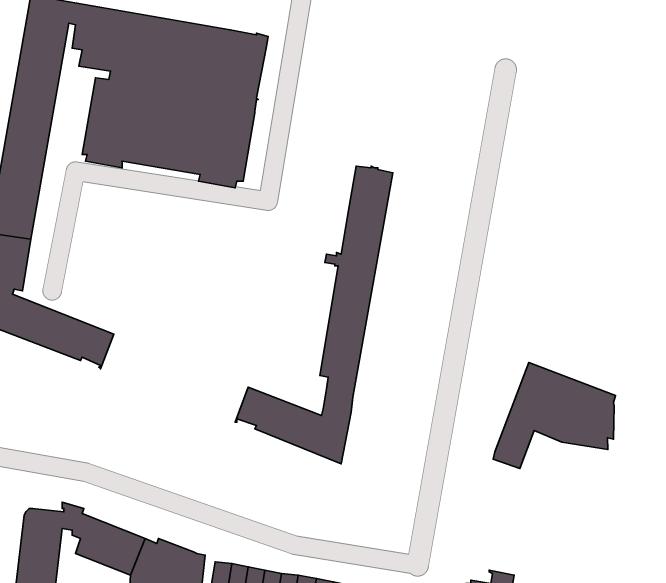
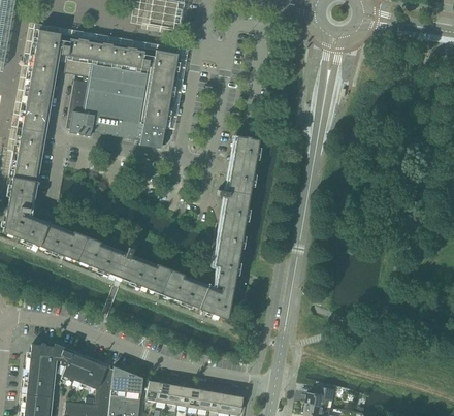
building: none -> [78,238,170,293]
building: [493,363,615,468] -> none

